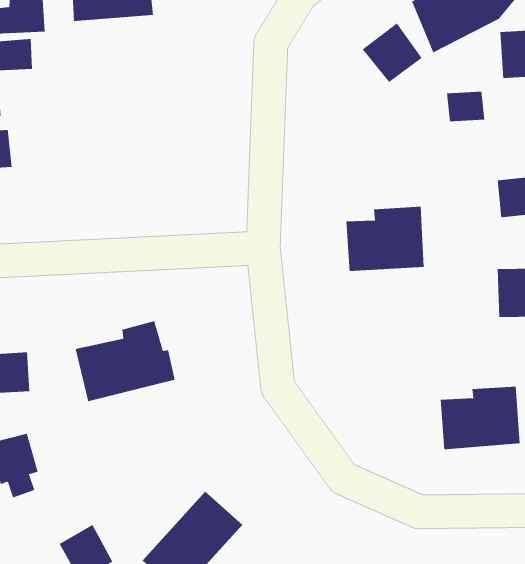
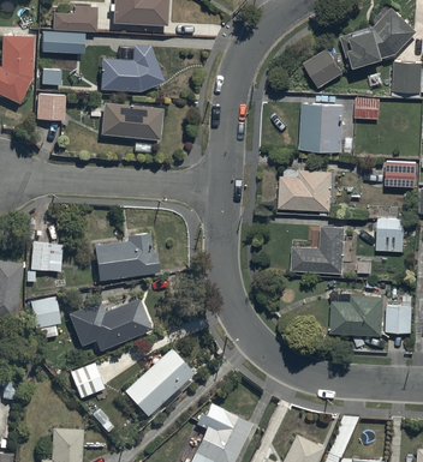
building: none -> [102,47,165,94]
building: none -> [302,104,346,154]
building: none -> [101,106,165,143]
building: none -> [293,226,346,275]
building: none -> [68,296,151,349]

